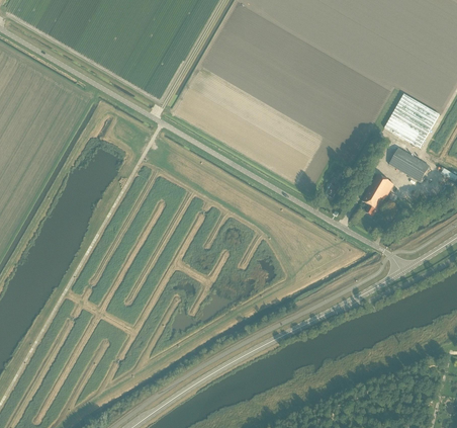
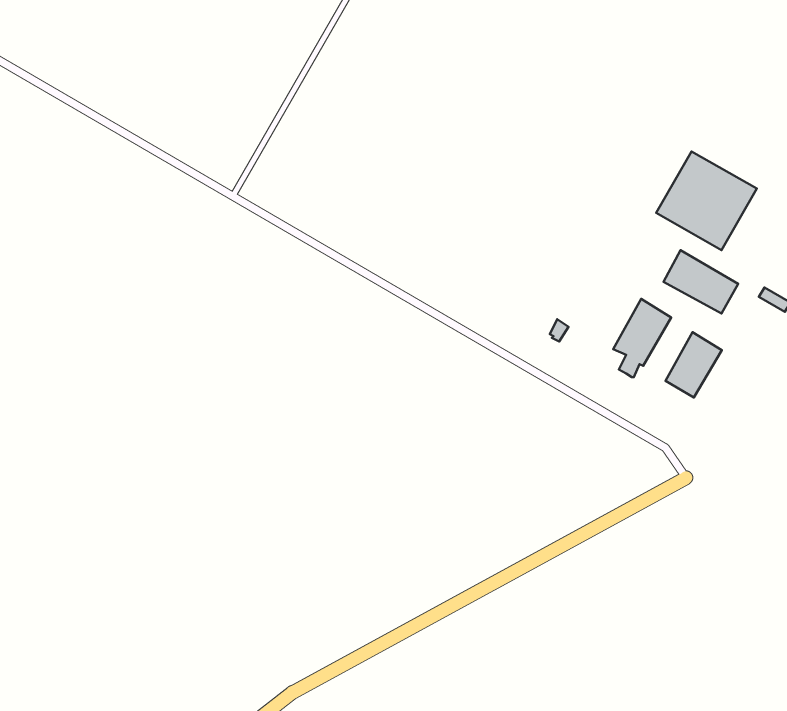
building: none -> [665,332,722,397]

